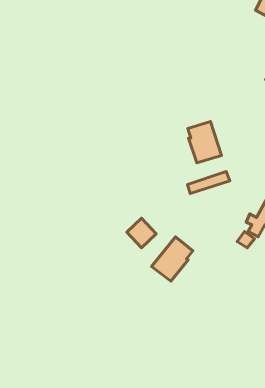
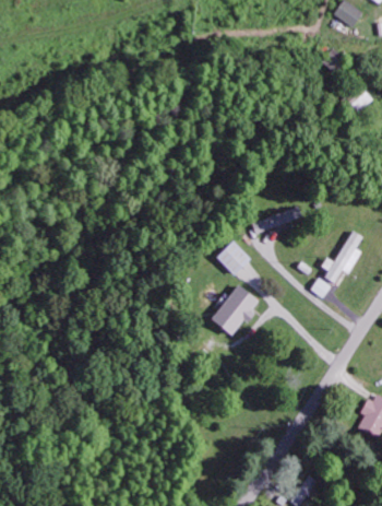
building: [188,122,222,163] -> none
building: [127,218,156,248] -> [216,240,251,275]

